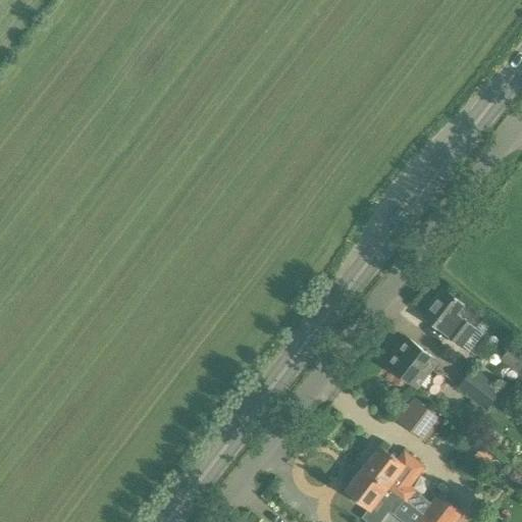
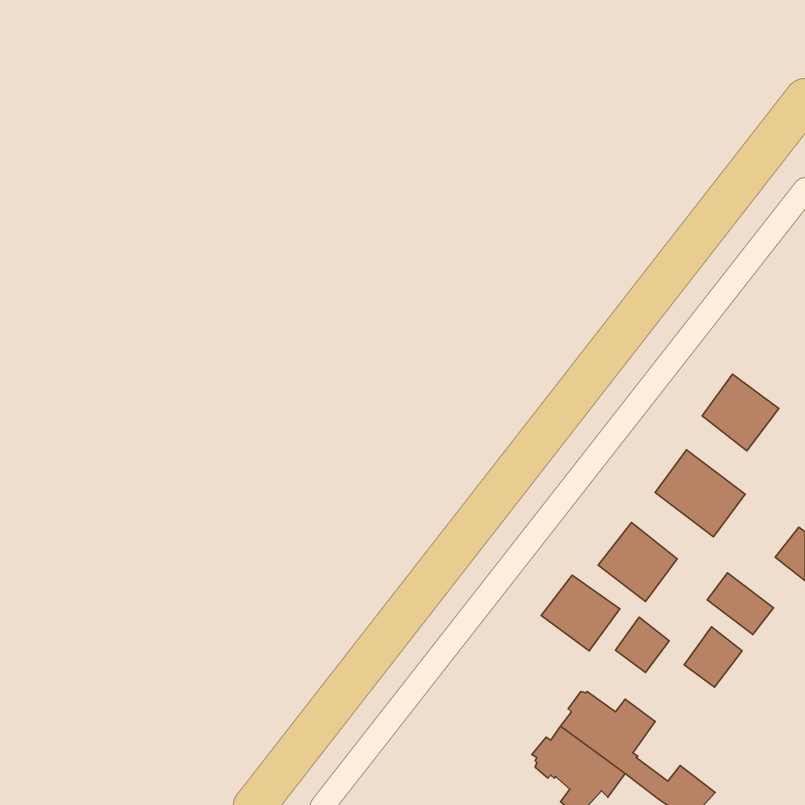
building: none -> [702,374,779,451]
building: none -> [541,575,620,651]
building: none -> [684,627,742,687]

